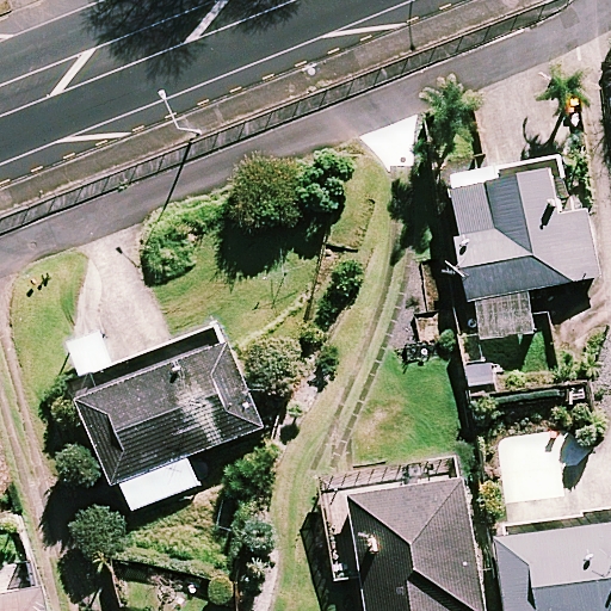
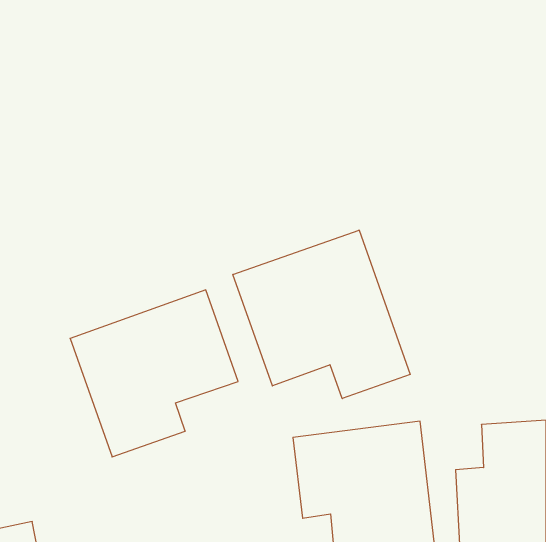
building: [457,168,597,344] -> none
building: none -> [233,230,410,399]

